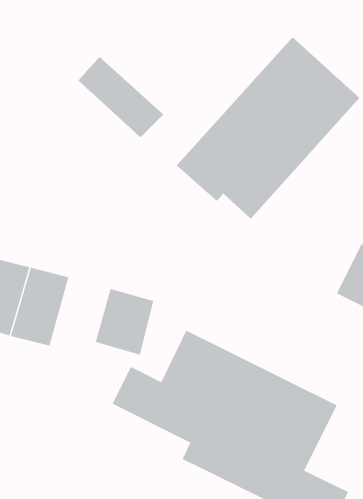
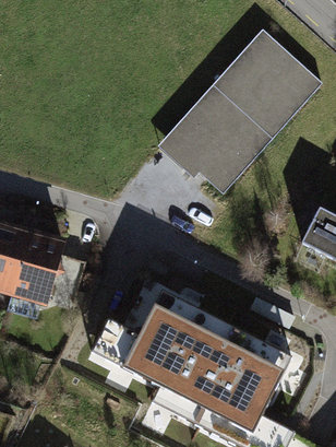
building: [77,56,164,138] -> none
building: [95,288,154,355] -> none

